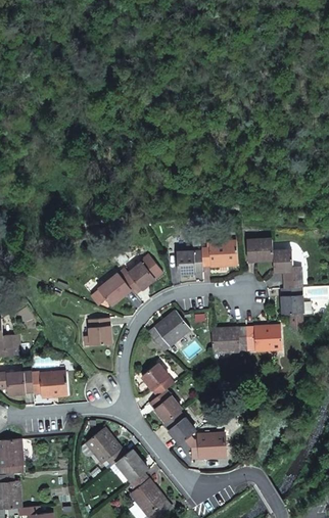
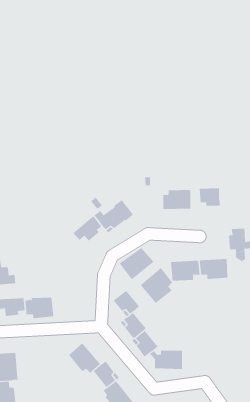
building: [176,251,200,272] -> none
building: [270,251,300,289] -> none
building: [84,317,111,344] -> none
building: none -> [140,267,173,304]

